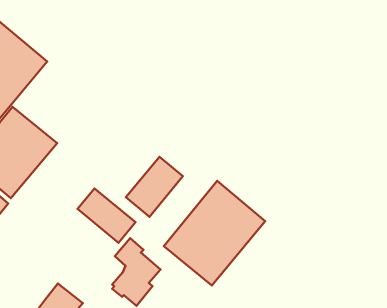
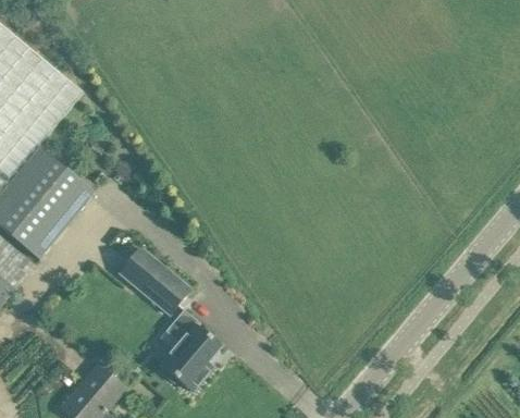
building: [126,157,183,217] -> none
building: [164,181,265,285] -> none

